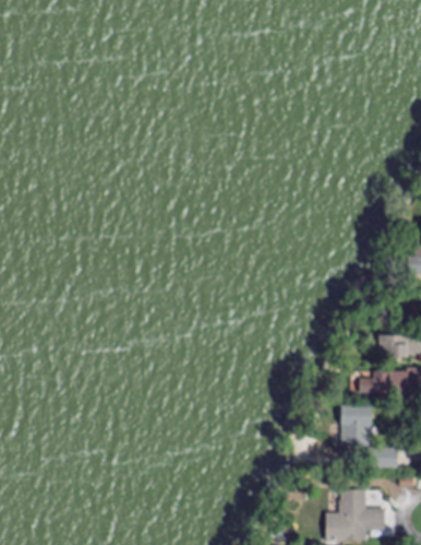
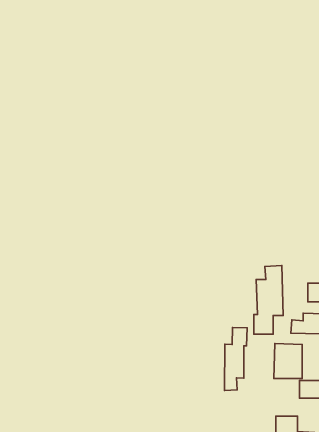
building: none -> [254,265,283,334]
building: none -> [224,327,247,391]

